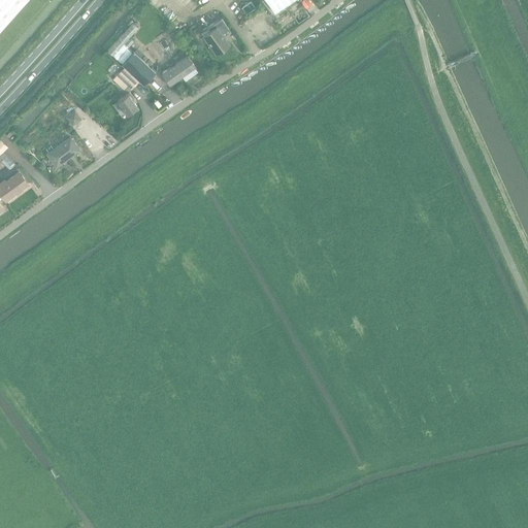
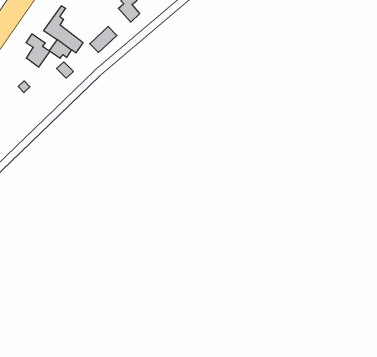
building: none -> [26,34,50,67]
building: [45,136,77,166] -> none

